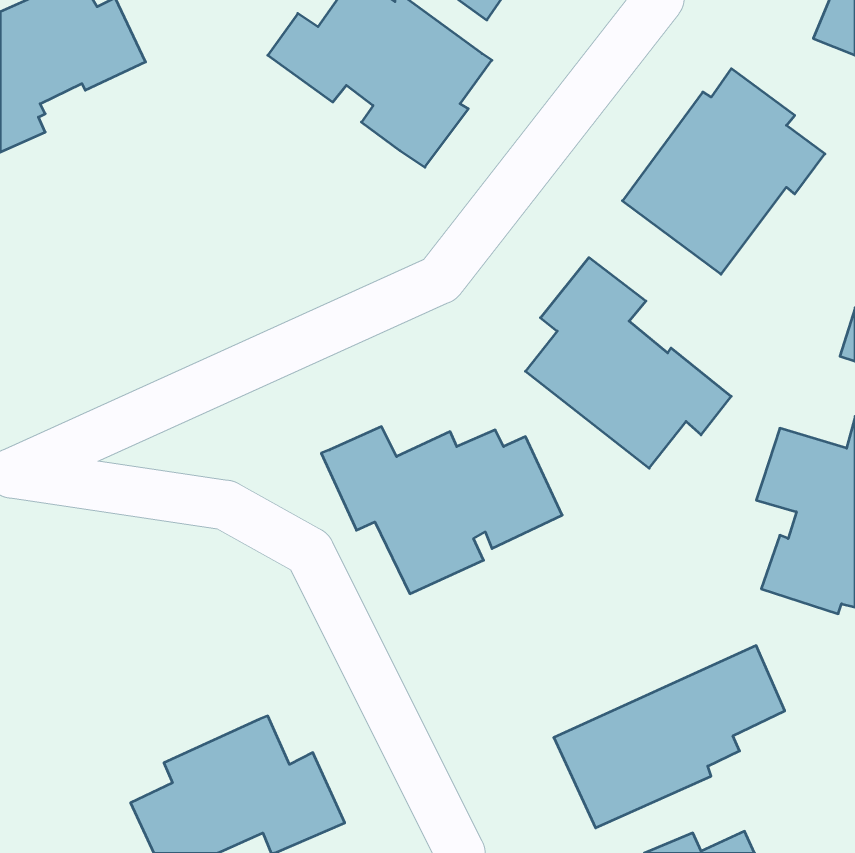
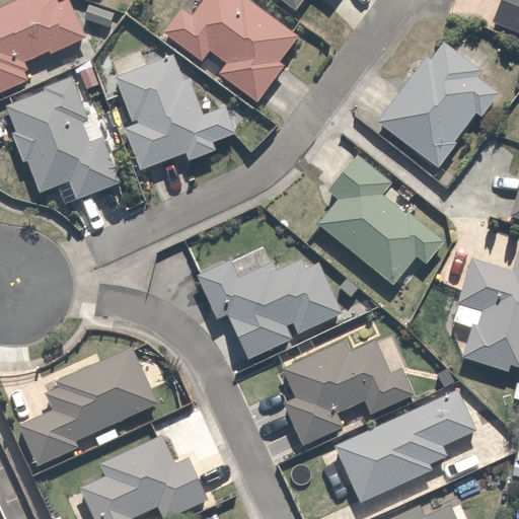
building: none -> [116,56,235,171]
building: none -> [6,77,118,199]
building: none -> [283,341,415,446]
building: none -> [18,346,159,466]

